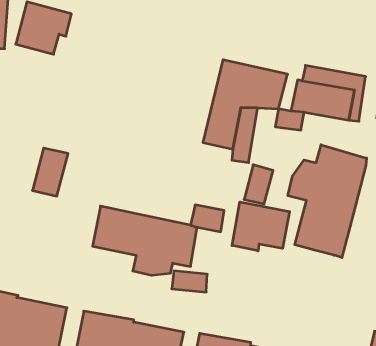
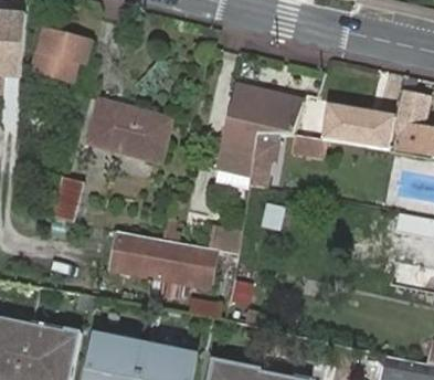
building: none -> [92,102,170,161]
building: [288,145,367,258] -> none
building: [232,202,290,251] -> none

